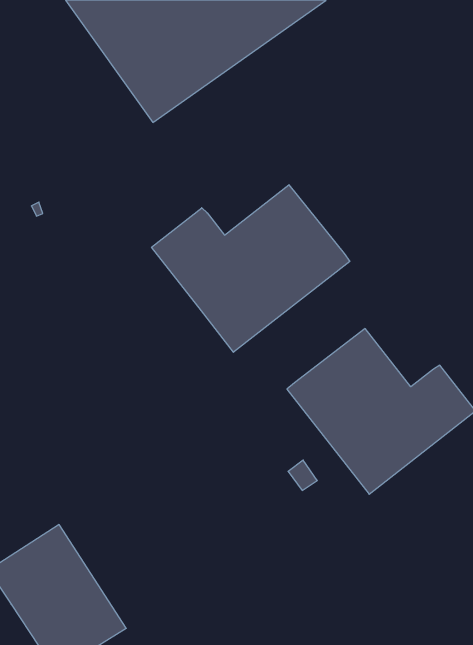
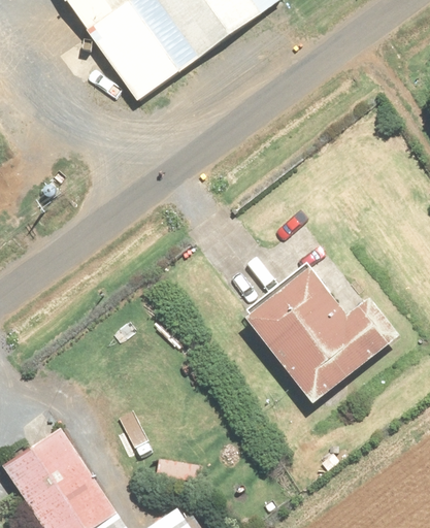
building: [152,185,350,352] -> none

